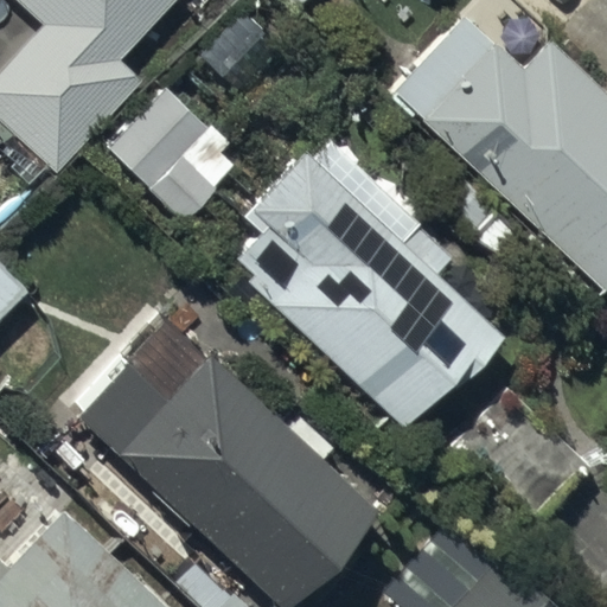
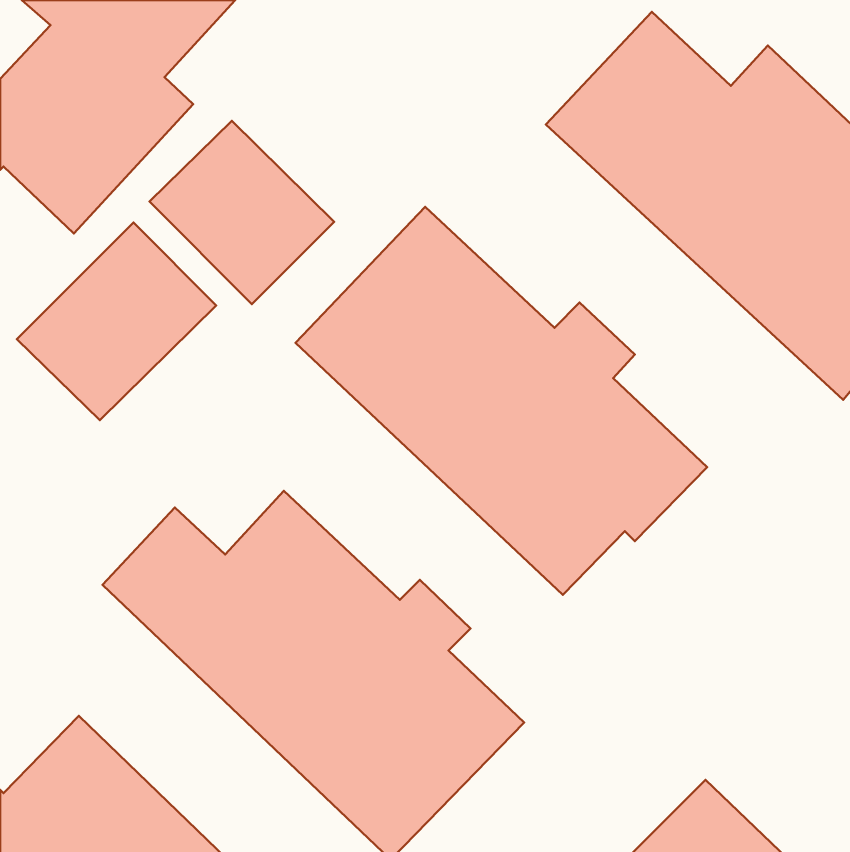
building: none -> [17,223,216,420]

